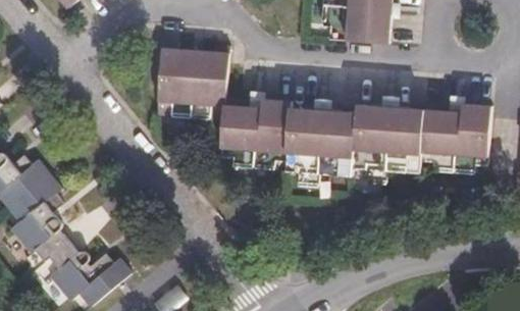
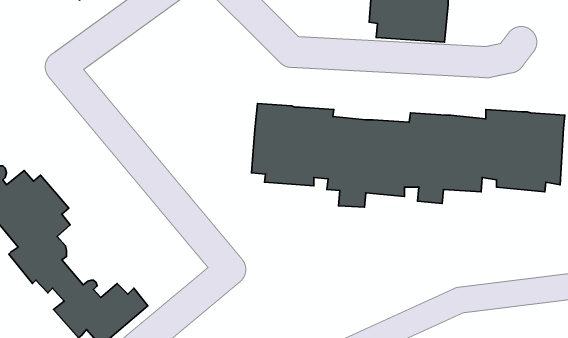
building: [157,41,228,118] -> none

